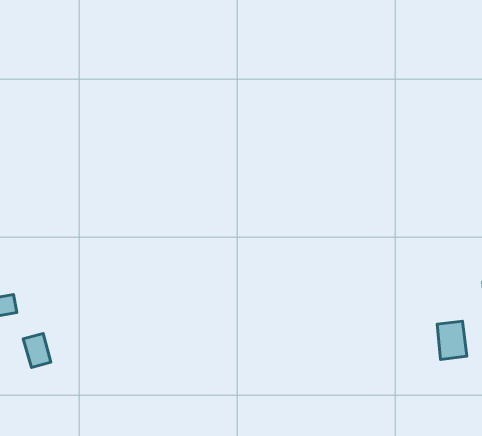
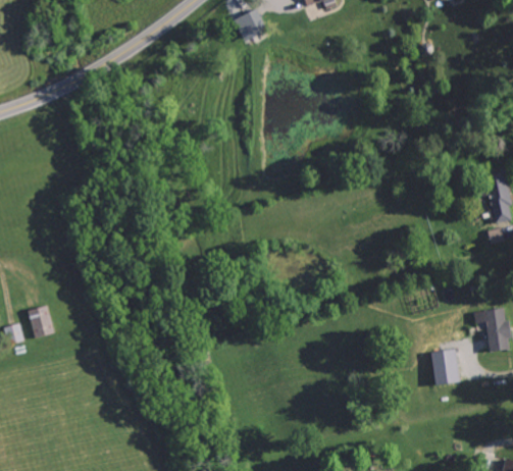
building: [23,333,51,367] -> [29,305,55,337]

